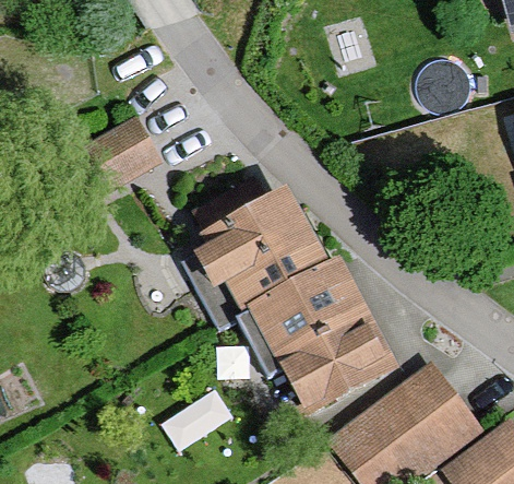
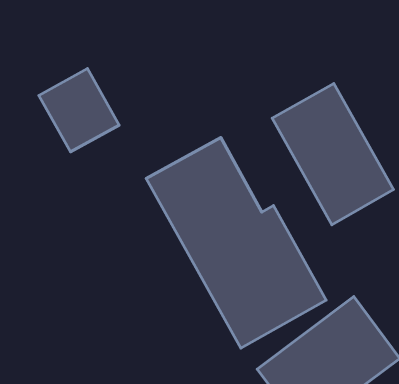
building: none -> [272,84,394,225]

